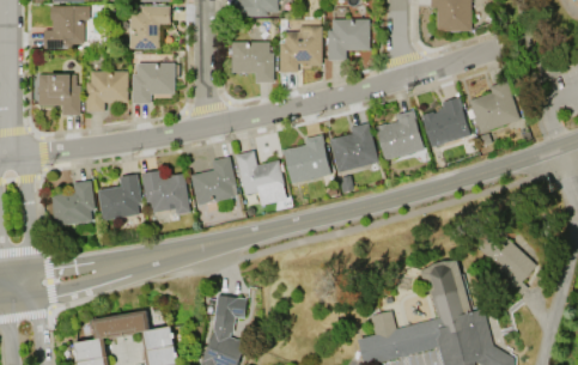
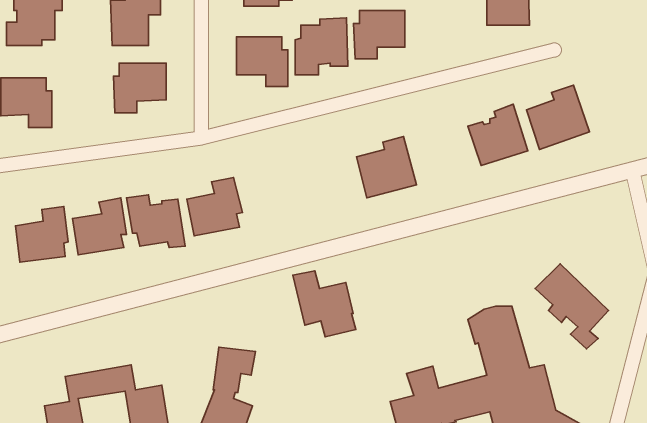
building: [86,72,127,112] -> none
building: [375,110,424,160] -> none
building: [284,135,330,183] -> none
building: [235,151,286,205] -> [293,271,356,337]

